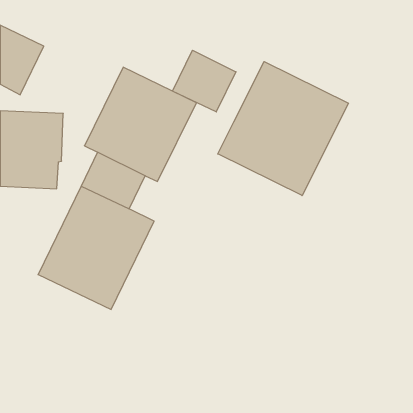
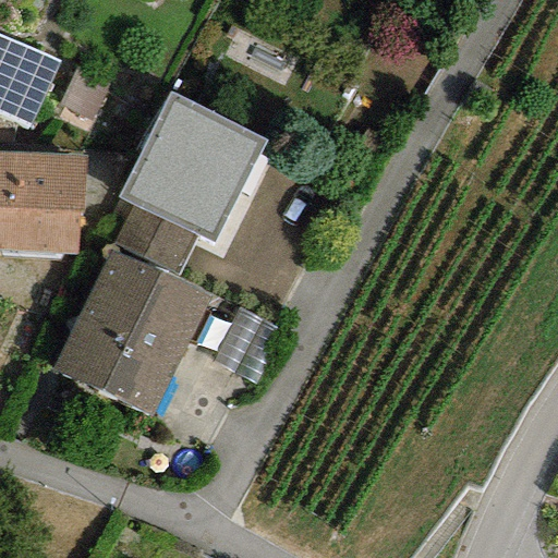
building: [172,50,236,112] -> none
building: [218,62,348,196] -> none

